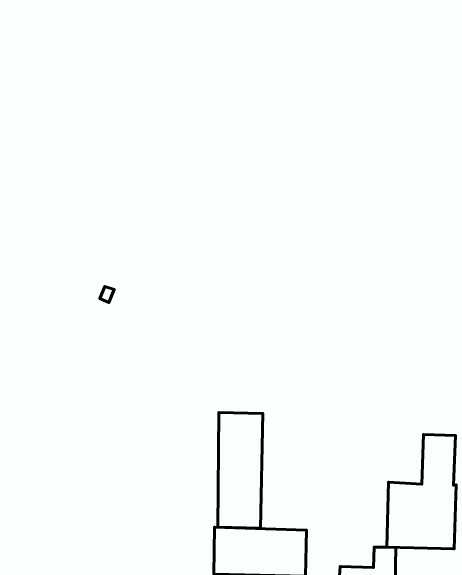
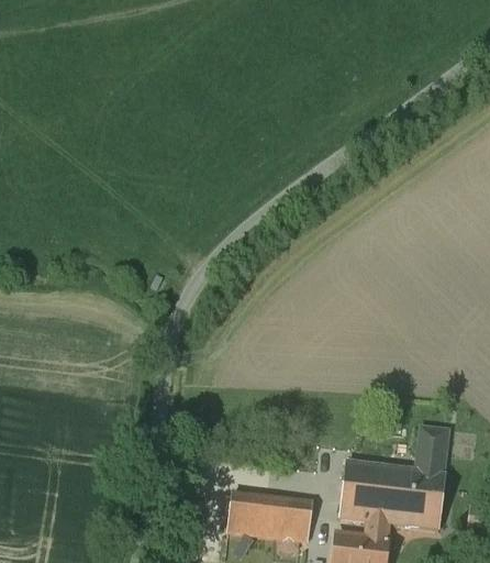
building: [218,413,263,528] -> none
building: none -> [339,461,387,521]

